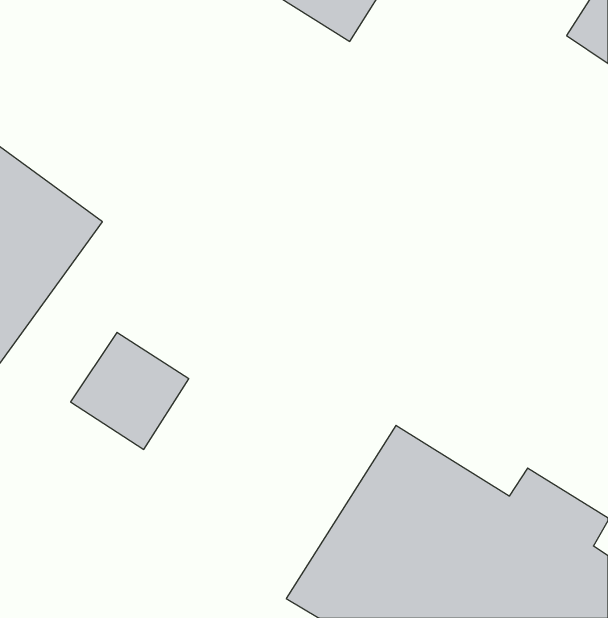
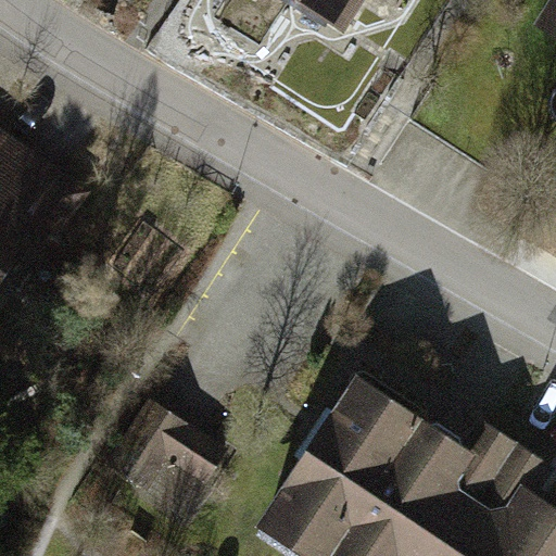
building: [71,332,189,449] -> [105,407,211,511]

